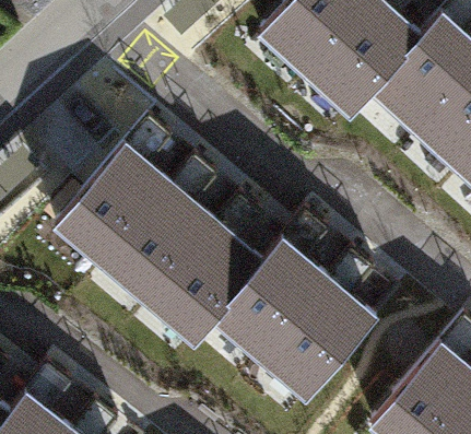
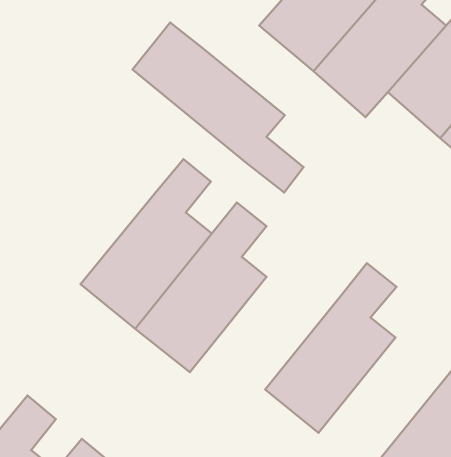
building: none -> [132,22,304,193]
building: [54,119,170,269] -> none
building: [217,212,333,362] -> none

